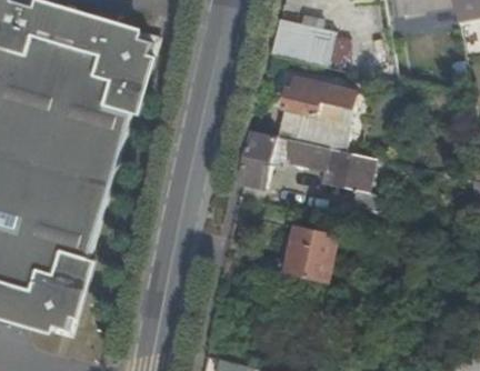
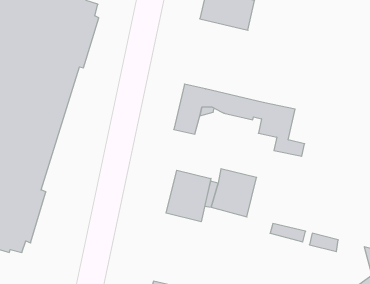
building: [278,78,359,152] -> none
building: none -> [166,170,211,222]

